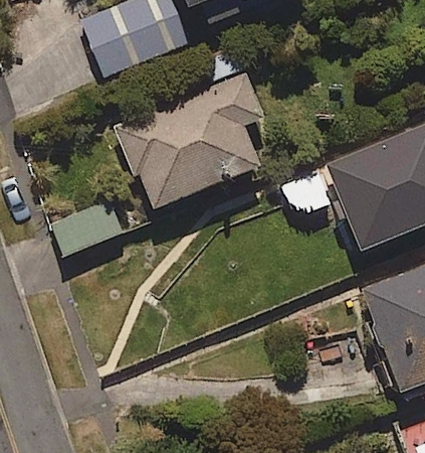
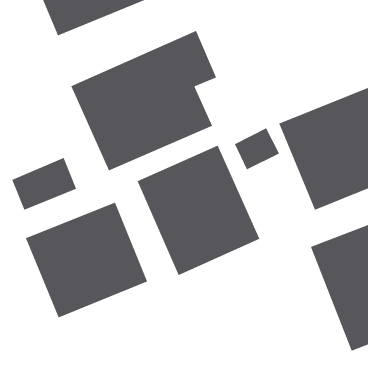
building: none -> [136,144,260,276]
building: none -> [25,202,148,319]

